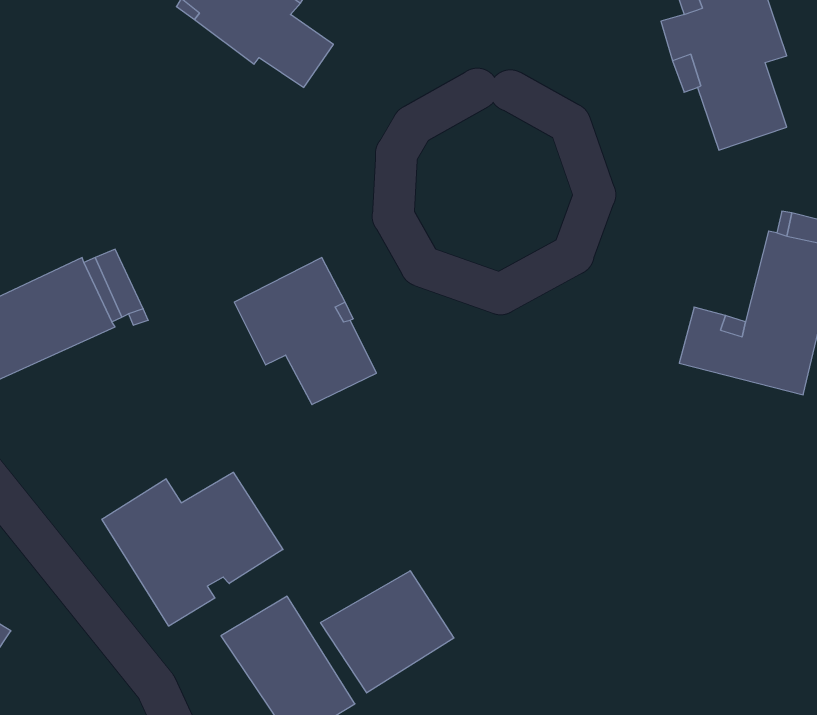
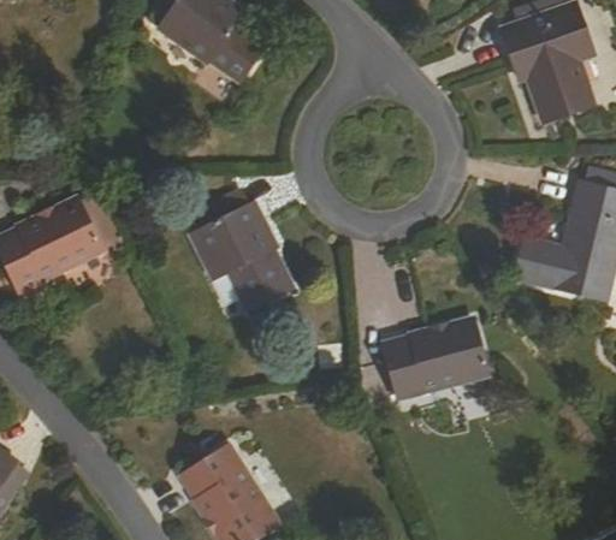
building: none -> [383,319,487,397]
building: [102,472,283,626] -> none
building: [321,571,454,693] -> none

